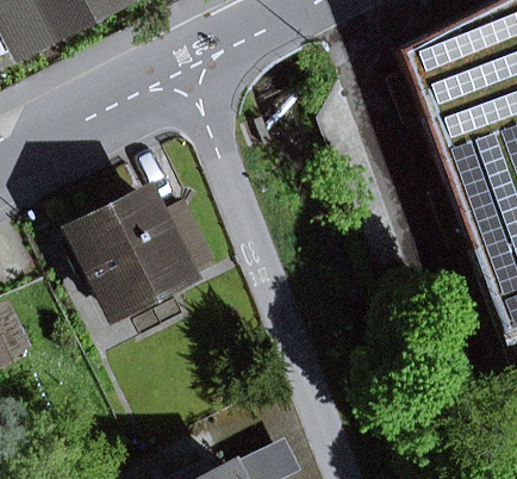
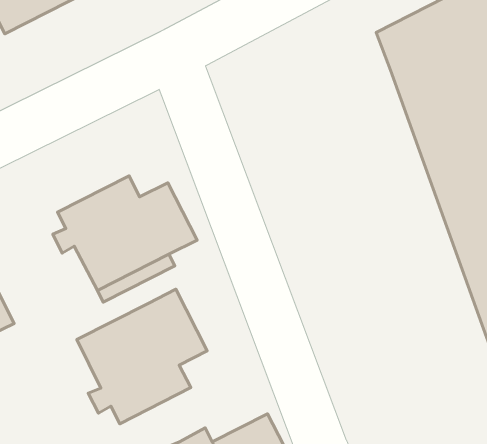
building: none -> [77,289,207,424]

